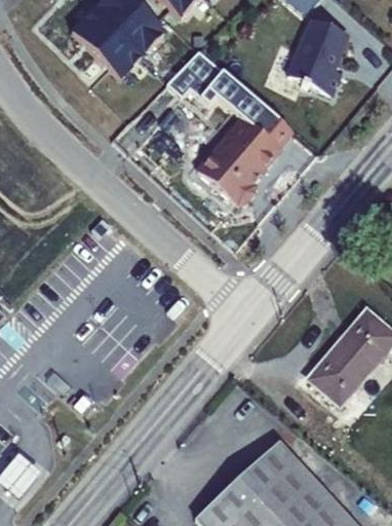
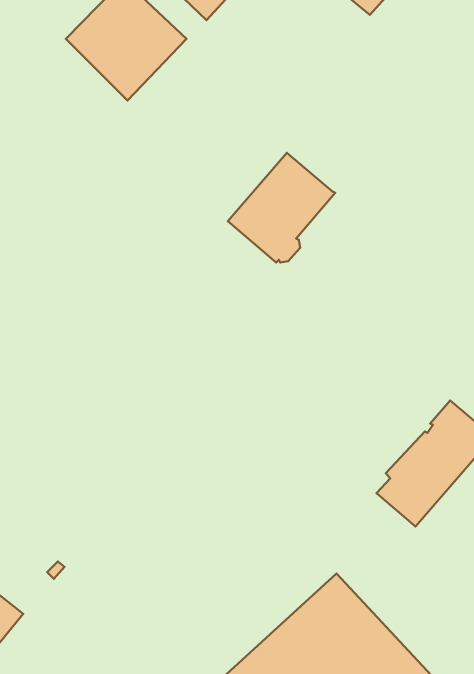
building: [288,18,349,93] -> none
building: [169,50,290,147] -> none

